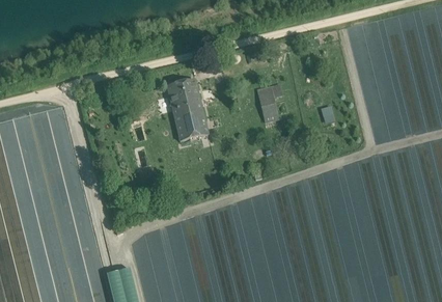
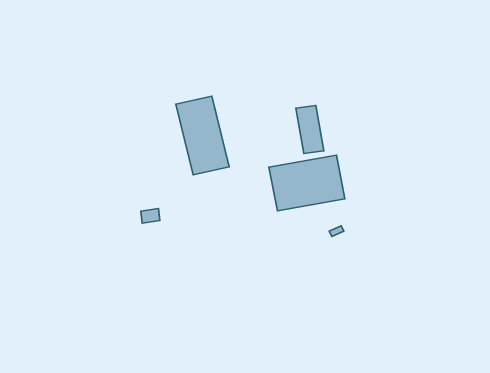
building: none -> [269,155,345,211]

